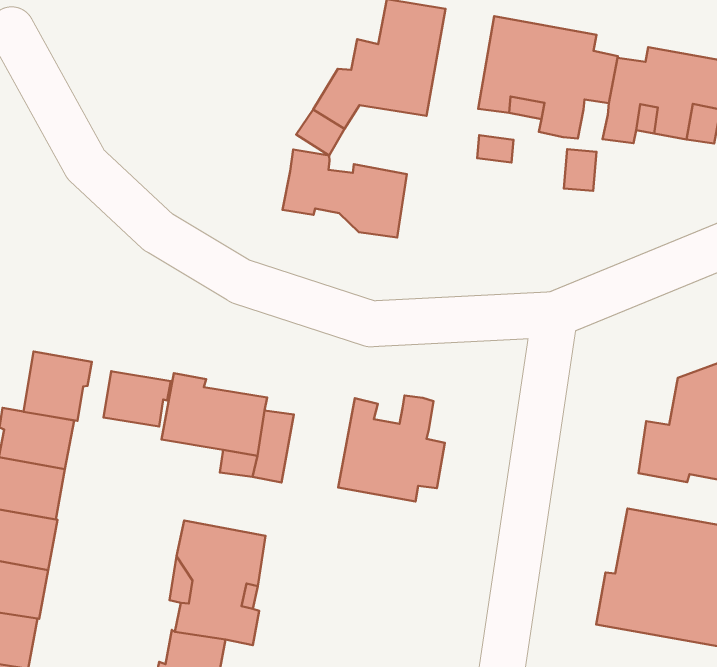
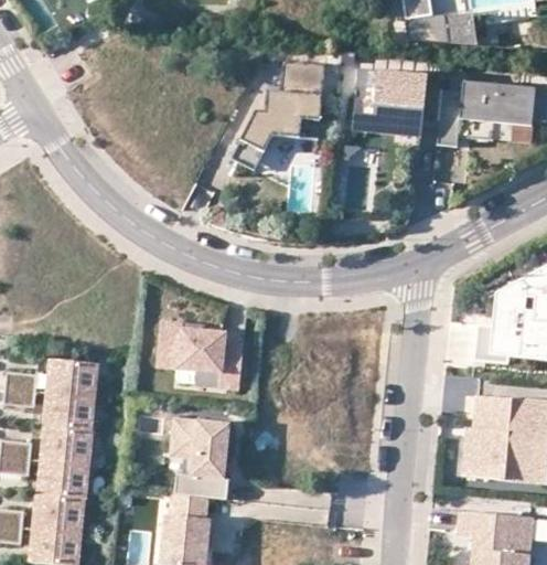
building: [282,149,407,237] -> none
building: [23,352,92,421] -> none
building: [104,371,171,426] -> none
building: [338,395,445,501] -> none

